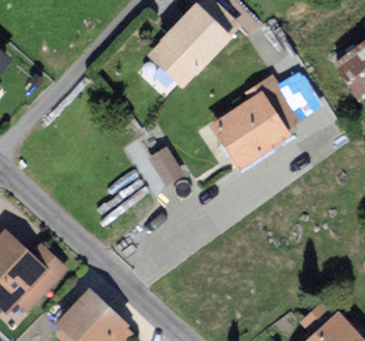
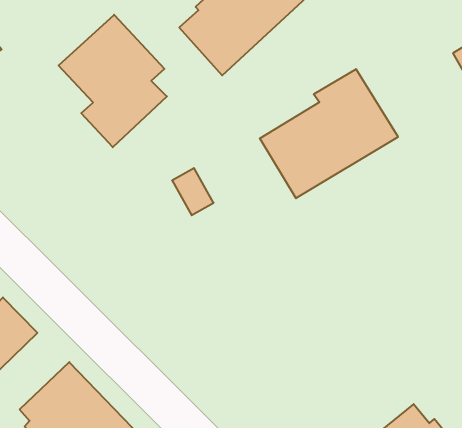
building: none -> [59,15,167,147]

